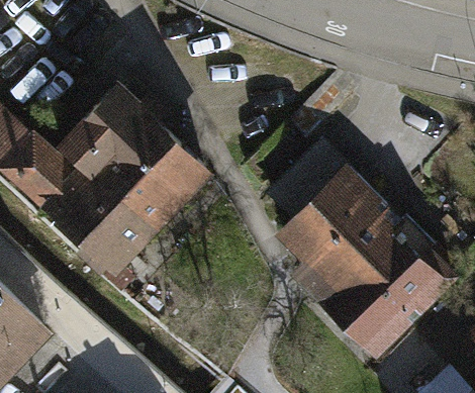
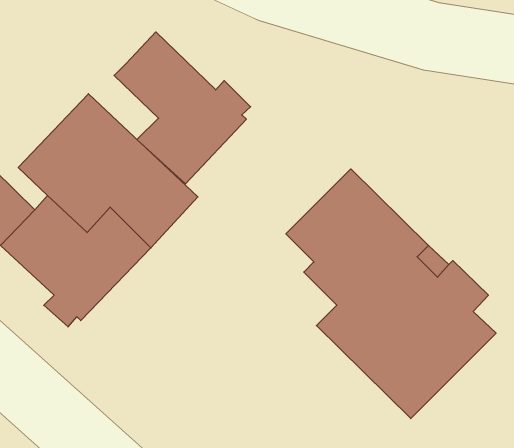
building: none -> [114,32,251,184]

